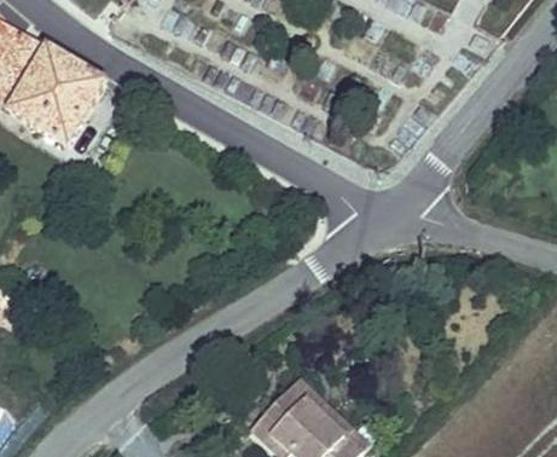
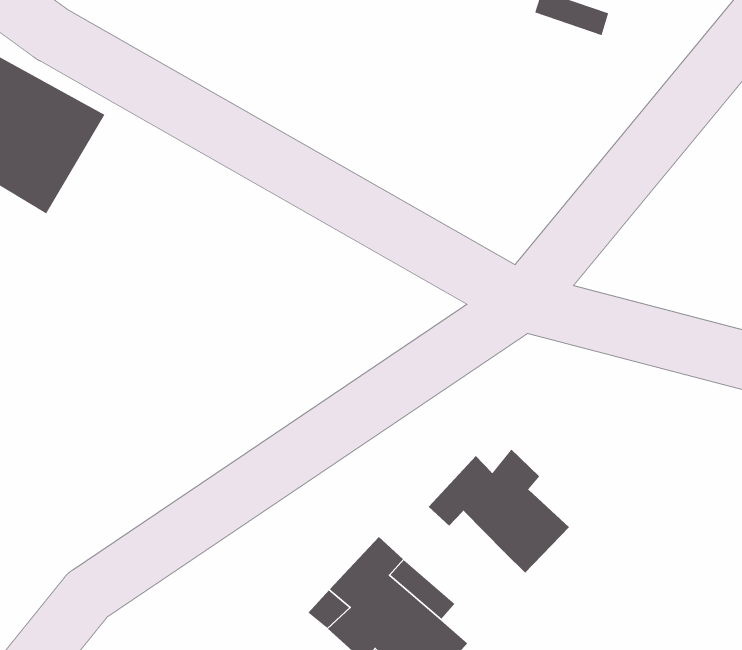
building: none -> [428,449,570,574]

